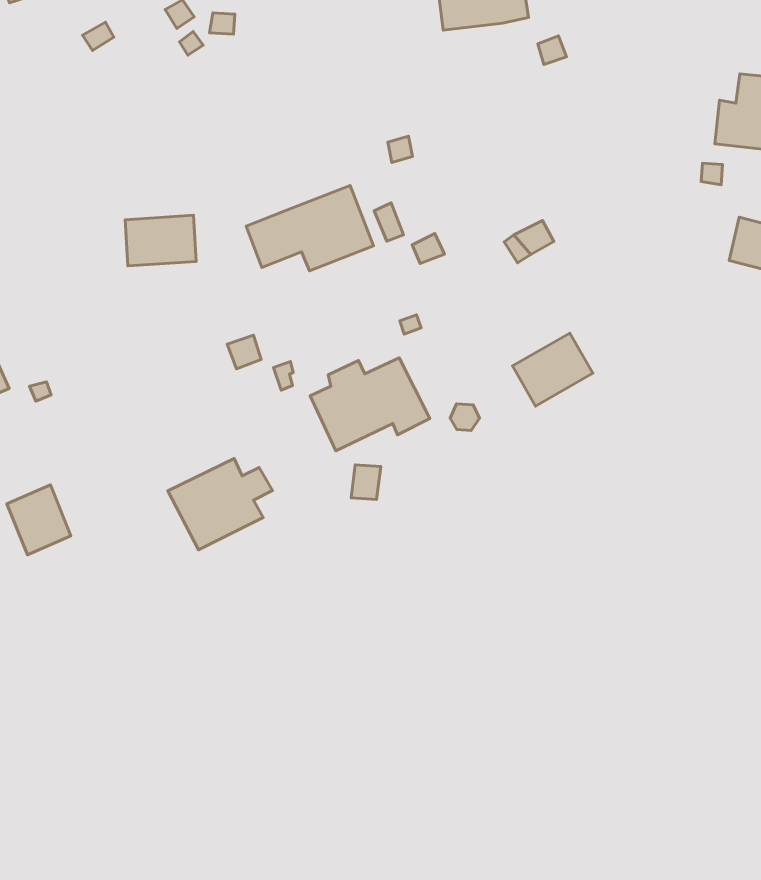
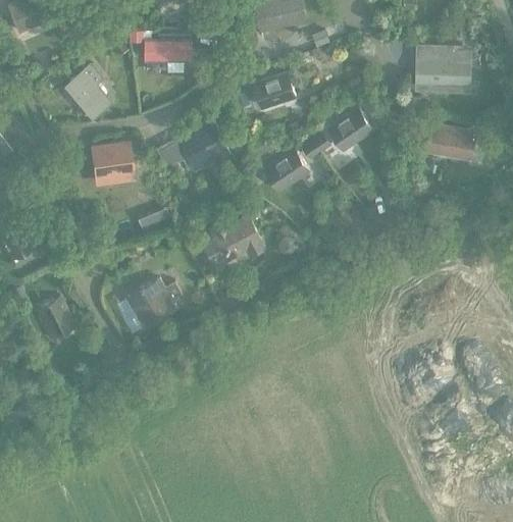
building: none -> [147,38,194,59]
building: none -> [63,65,108,119]
building: none -> [253,72,297,108]
building: none -> [328,109,373,151]
building: [512,333,593,406] -> [264,150,309,192]

